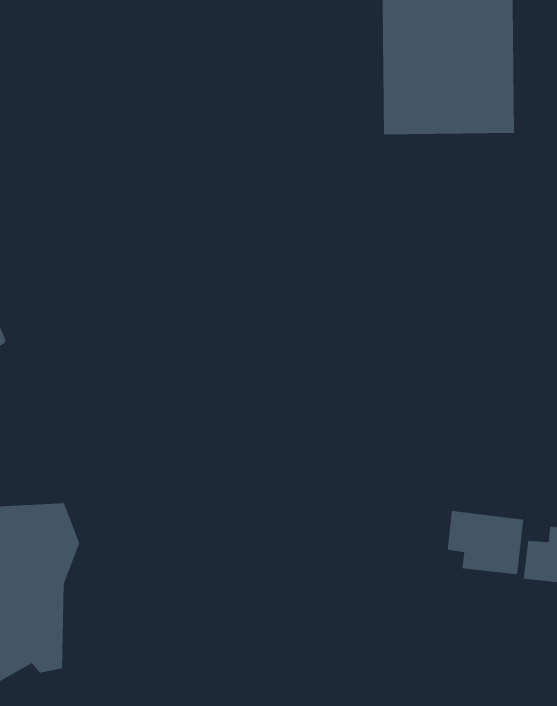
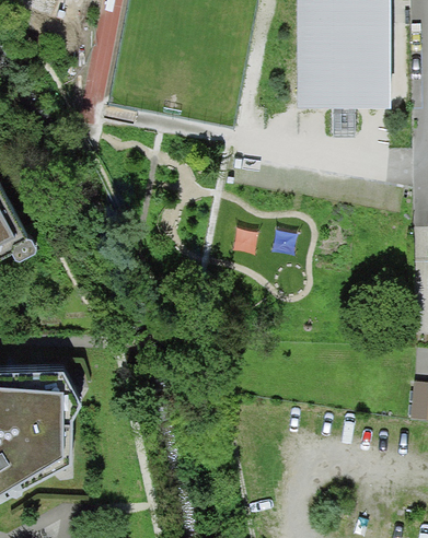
building: [447,510,524,575] -> none

